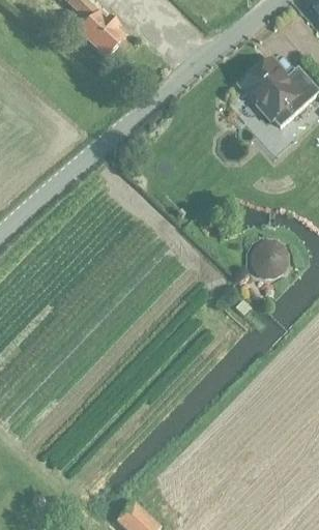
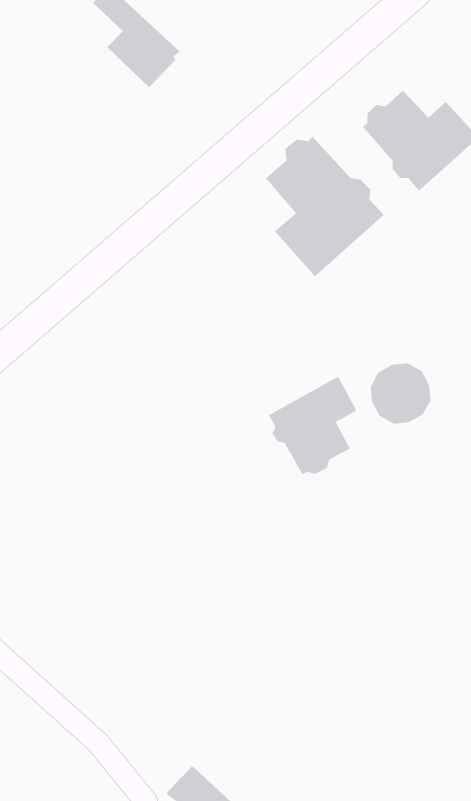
building: none -> [265,135,384,277]
building: none -> [268,376,358,476]

